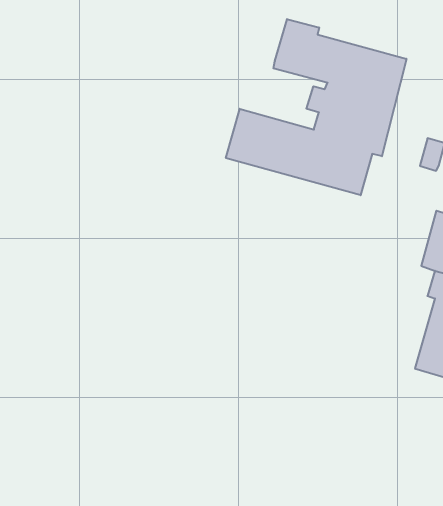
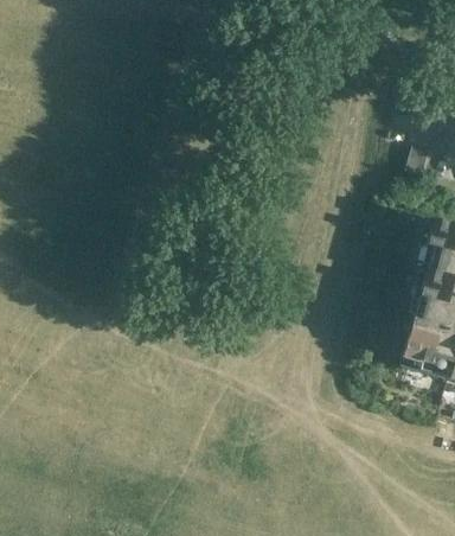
building: [226,19,406,195] -> none

